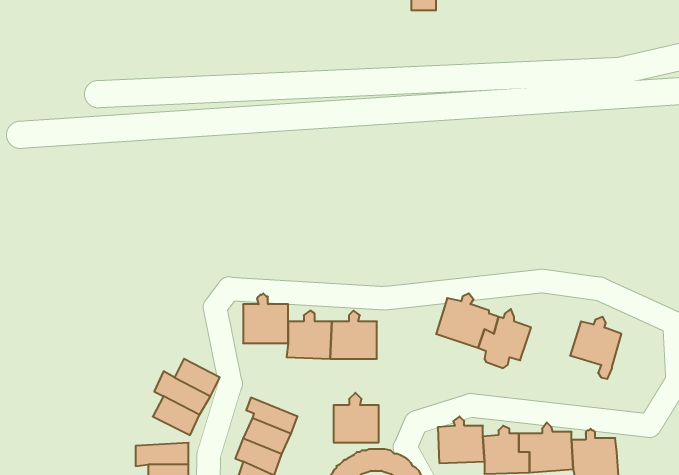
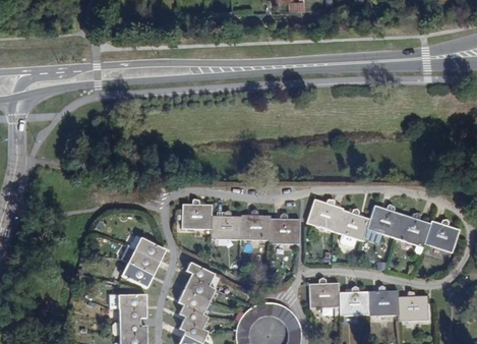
building: none -> [367,204,403,237]
building: none -> [423,217,459,252]
building: [334,393,379,442] -> [270,211,299,243]

